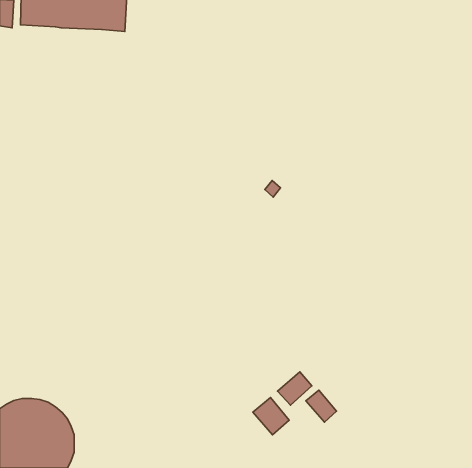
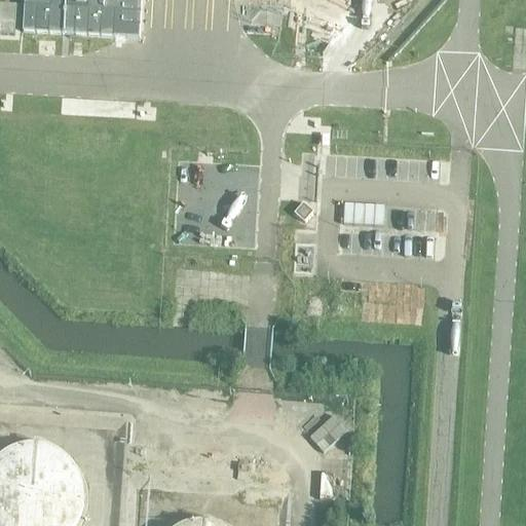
building: [306,390,337,422] -> none
building: [253,398,289,435] -> none

